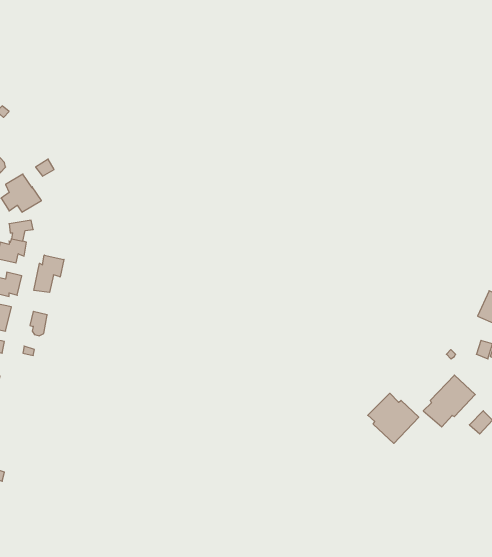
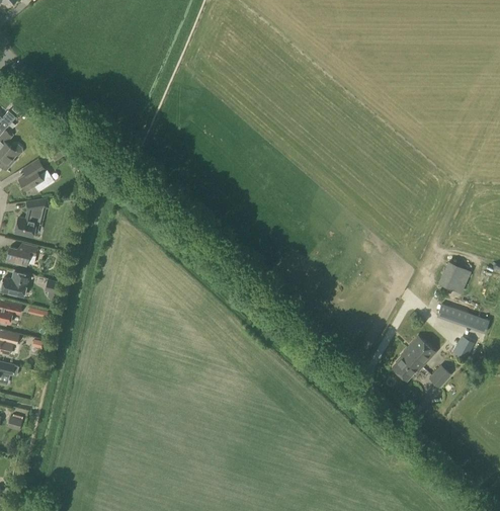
building: [34,255,64,292] -> none
building: [368,393,419,443] -> none

